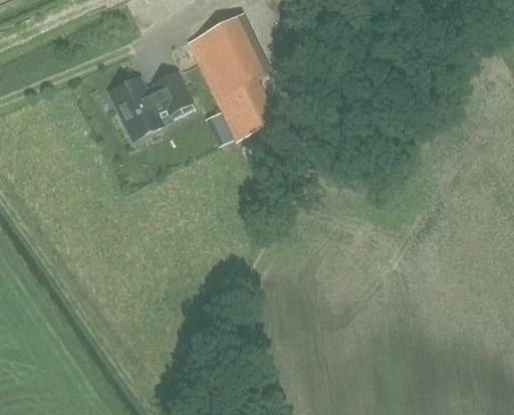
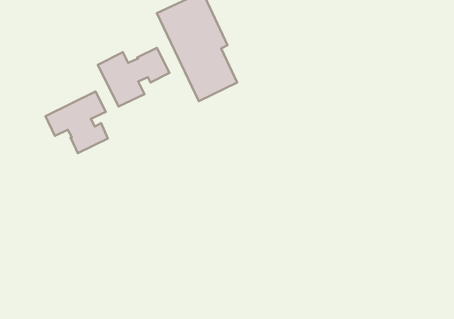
building: none -> [45,92,108,153]

